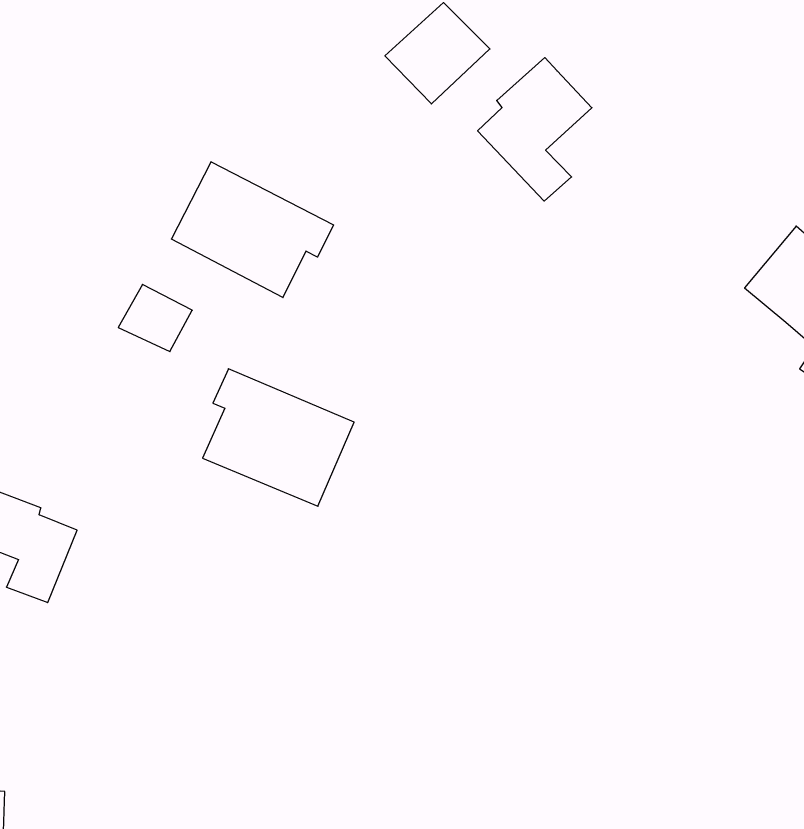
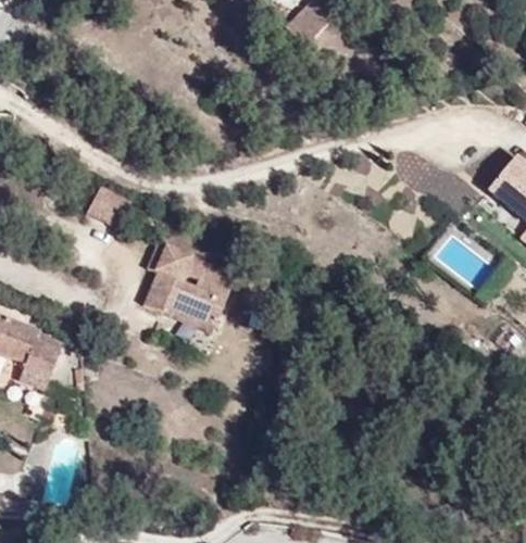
building: [478,58,592,201] -> none
building: [171,162,333,298] -> none

